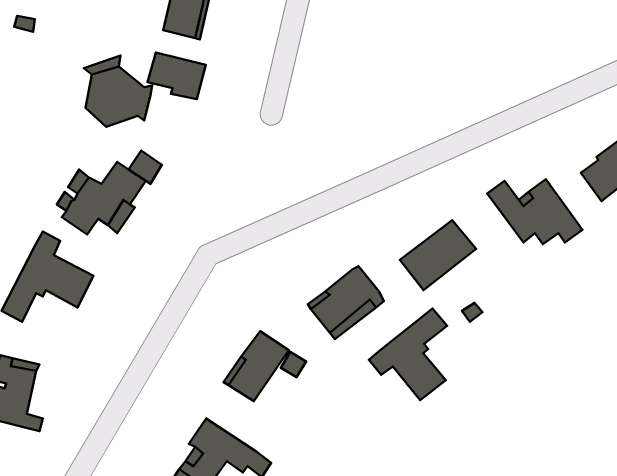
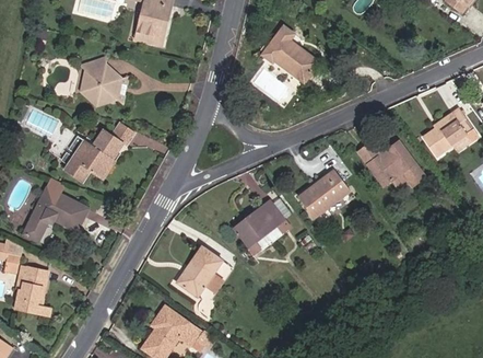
building: none -> [261,26,318,82]
building: [147,53,206,99] -> none
building: [369,308,447,400] -> none

